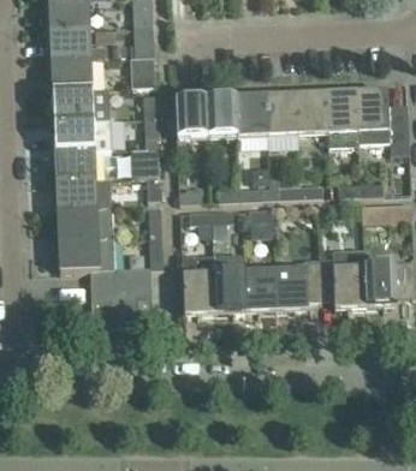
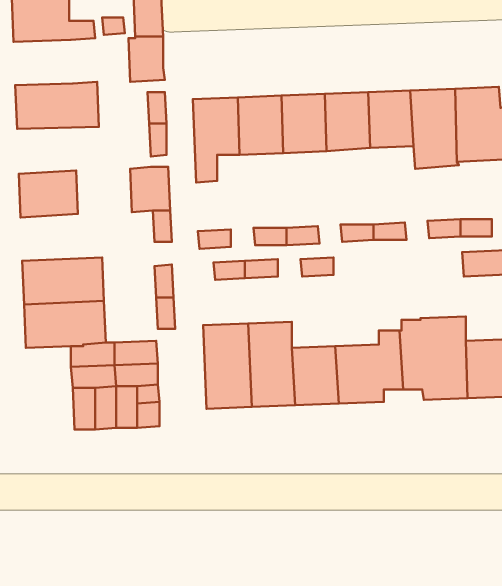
building: [50,59,91,90] -> none
building: [53,119,111,151] -> none
building: [55,179,112,211] -> none

